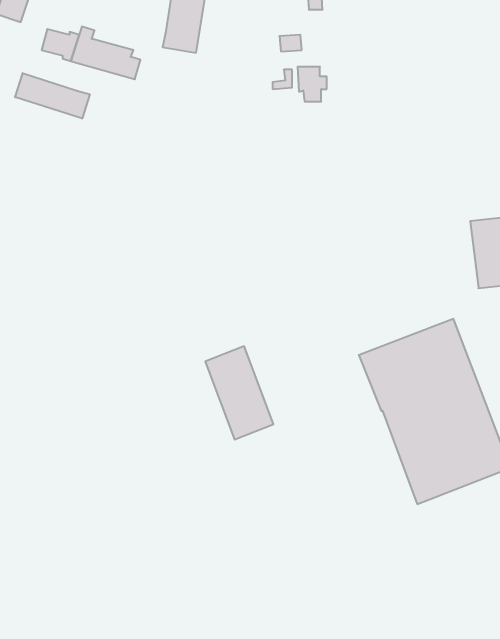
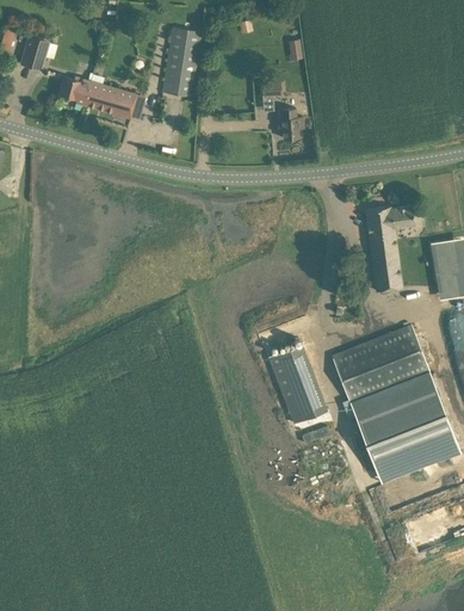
building: [15,73,90,119] -> none
building: none -> [365,206,414,292]
building: [205,346,273,440] -> [268,345,327,425]

